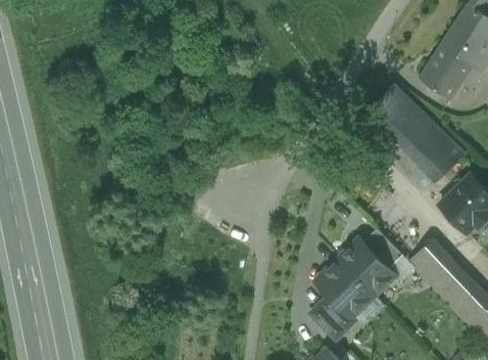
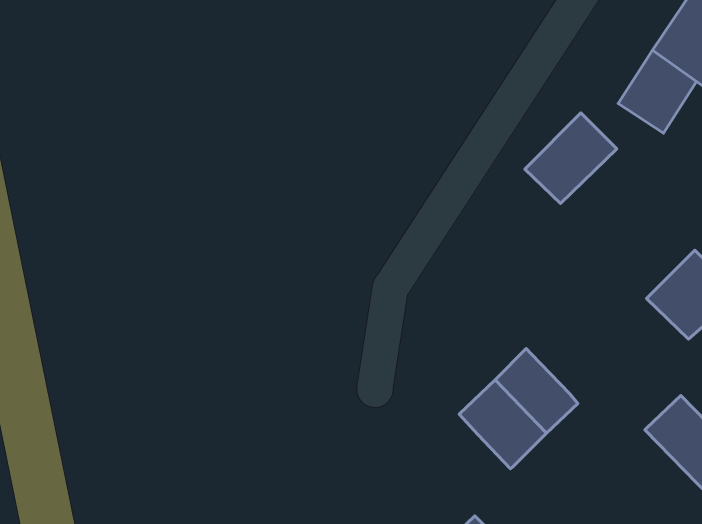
building: [383,108,463,188] -> none
building: [363,229,402,269] -> none
building: [409,239,461,291] -> none
building: [310,296,355,341] -> none

